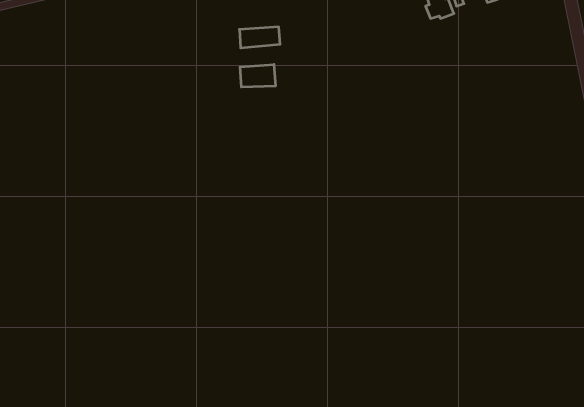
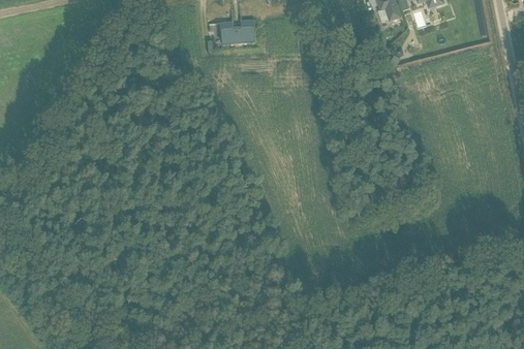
building: [240,64,275,87] -> none

